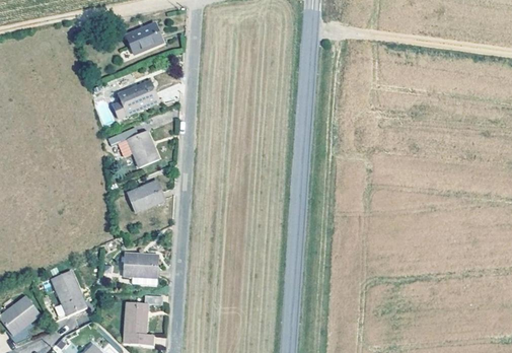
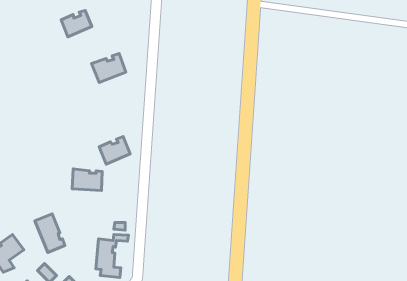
building: [127,24,163,56] -> [61,10,92,37]
building: [120,128,158,168] -> none
building: [123,252,158,277] -> [72,169,102,190]

